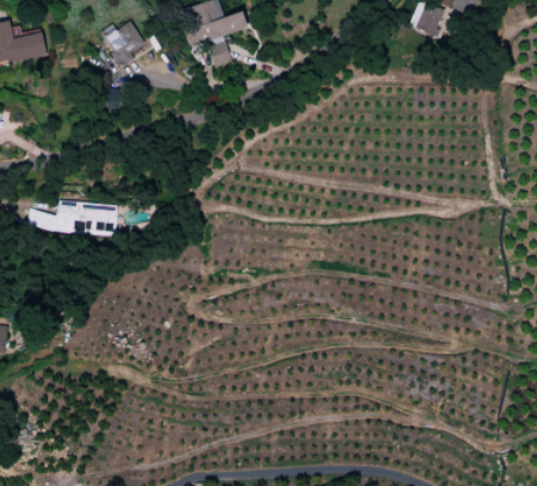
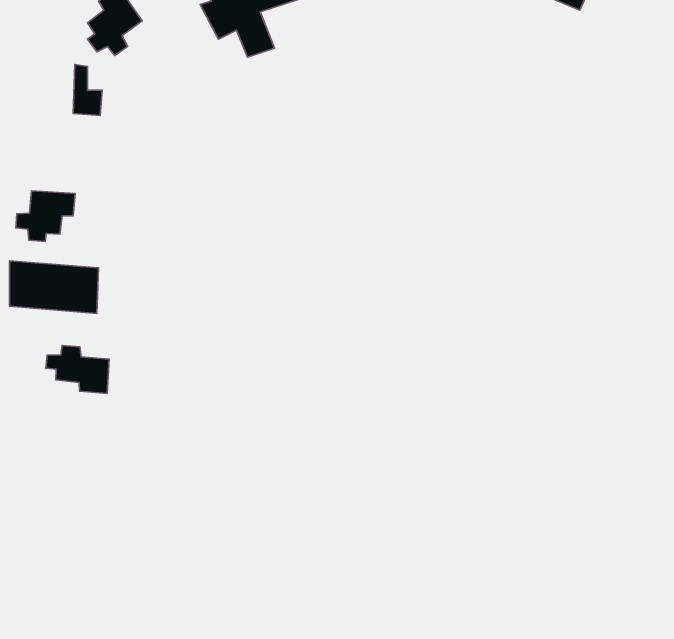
building: none -> [16,191,75,242]
building: none -> [46,345,109,394]

